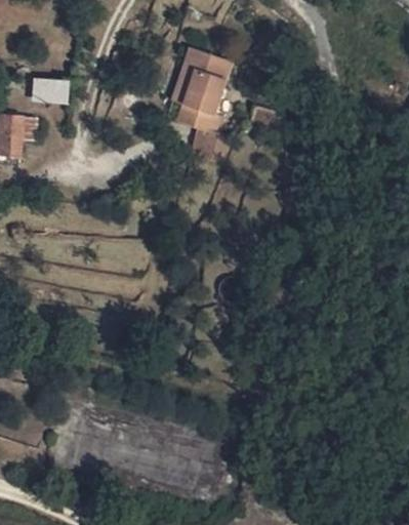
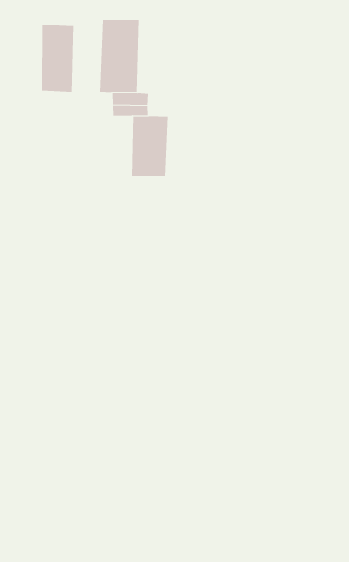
building: none -> [42,24,74,93]

